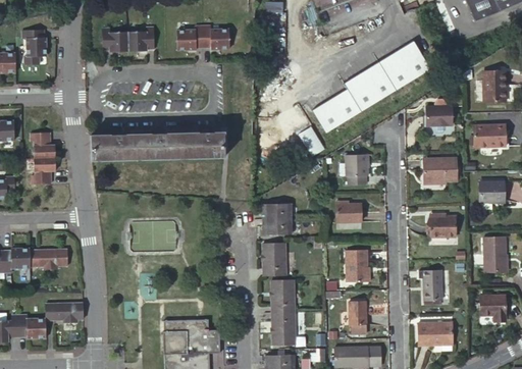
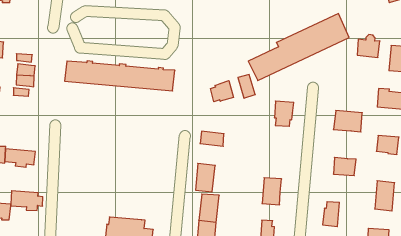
building: [425,99,452,125] -> [357,35,380,57]
building: none -> [210,81,234,102]
building: [337,203,364,220] -> none
building: [264,217,293,232] -> none

